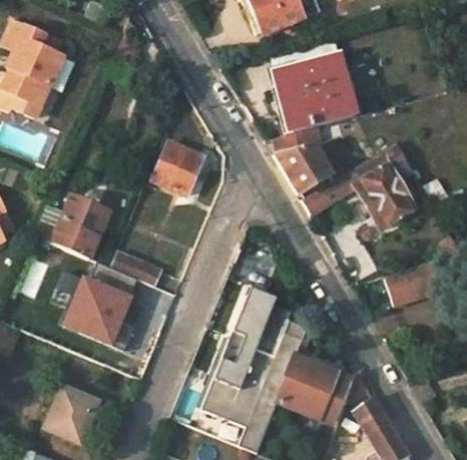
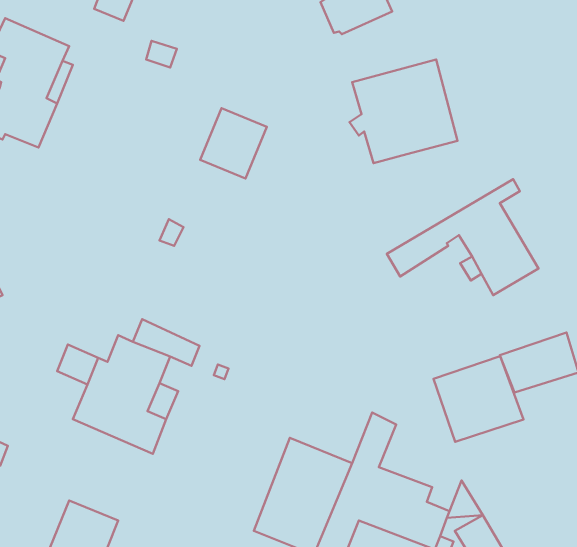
building: [273,125,352,196] -> none
building: [152,142,202,195] -> [200,108,267,179]
building: [34,193,109,261] -> none
building: none -> [434,356,523,442]
building: [227,294,293,358] -> none

